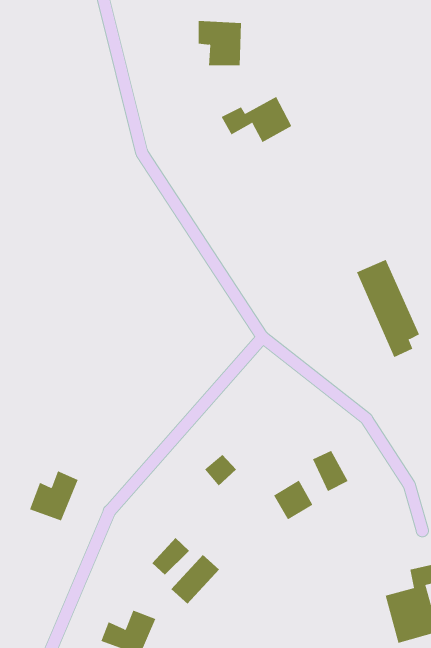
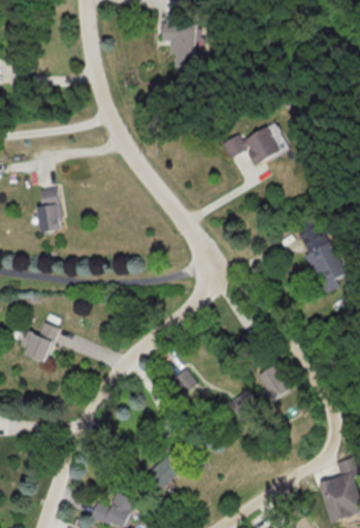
building: [221,96,292,143] -> [221,128,277,165]
building: none -> [32,189,62,233]
building: [29,471,78,521] -> [20,322,59,362]
building: [151,537,190,575] -> none

